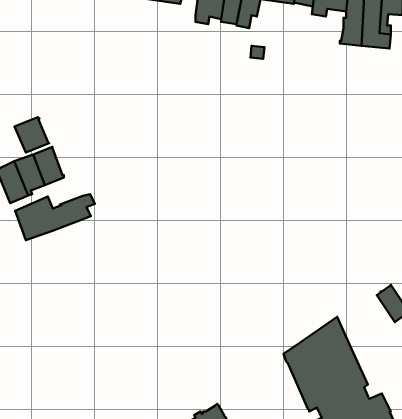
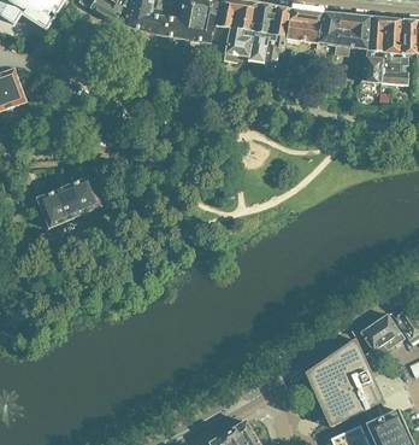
building: [14,117,49,153] -> none
building: [15,194,95,240] -> none
building: none -> [360,314,405,356]

